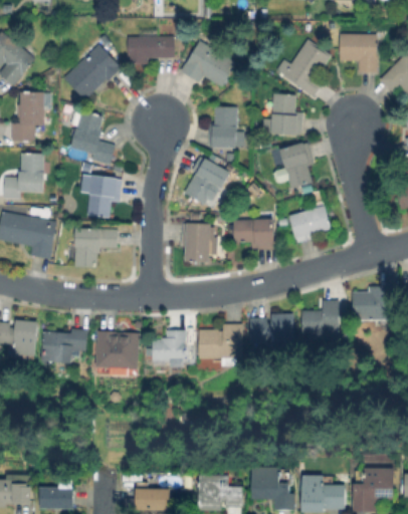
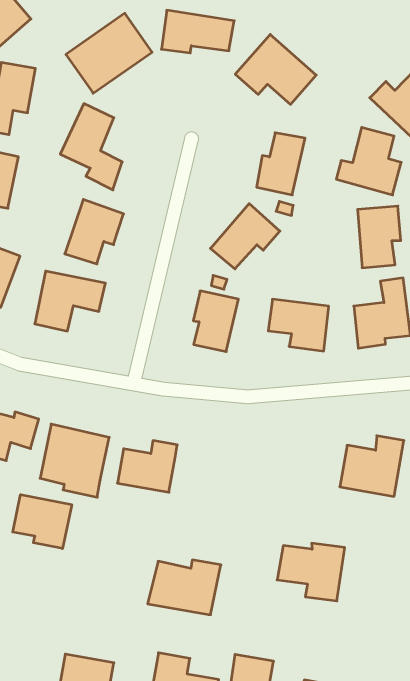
building: [251,313,294,351] -> [277,543,345,601]
building: [198,324,243,359] -> [148,560,221,615]
building: none -> [13,495,72,549]

